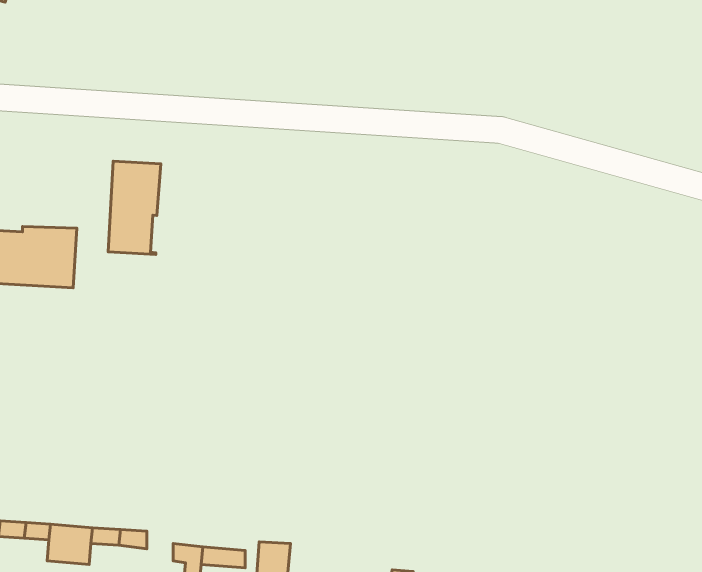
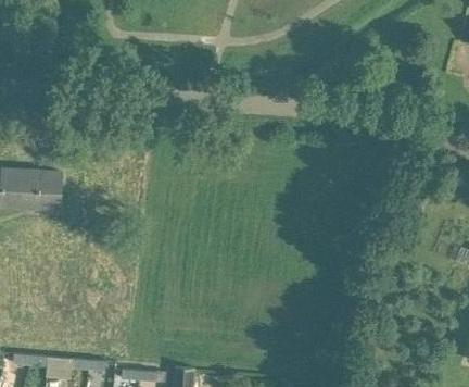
building: [108,161,161,254] -> none

